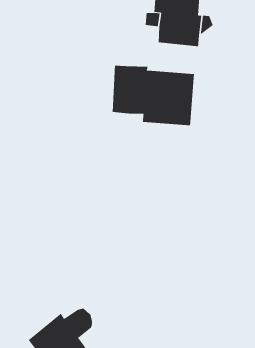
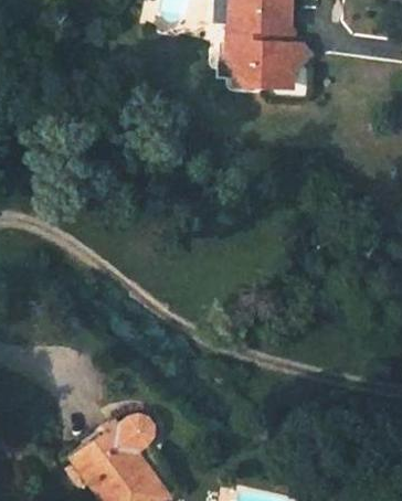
building: [112,65,194,126] -> none

